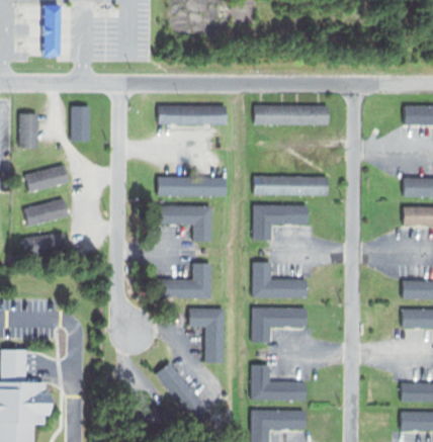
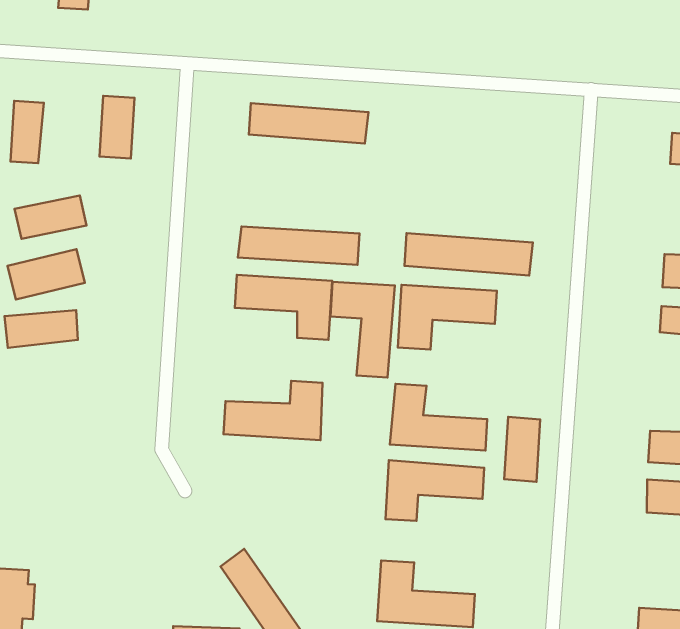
building: [254,104,330,124] -> none
building: none -> [504,417,540,482]
building: [187,308,224,362] -> [330,282,395,377]

